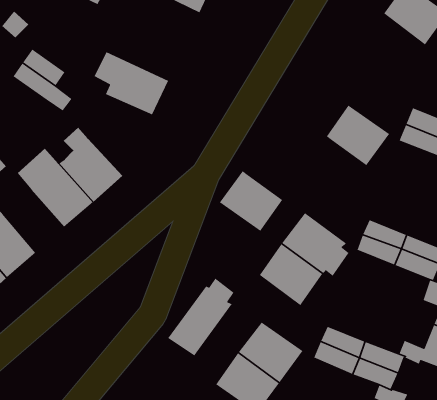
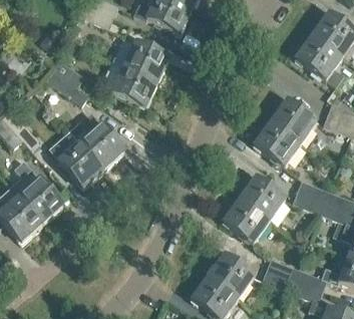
building: none -> [295,33,344,85]
building: none -> [113,35,169,81]
building: [219,170,283,232] -> [254,121,300,166]
building: [167,277,235,356] -> none

